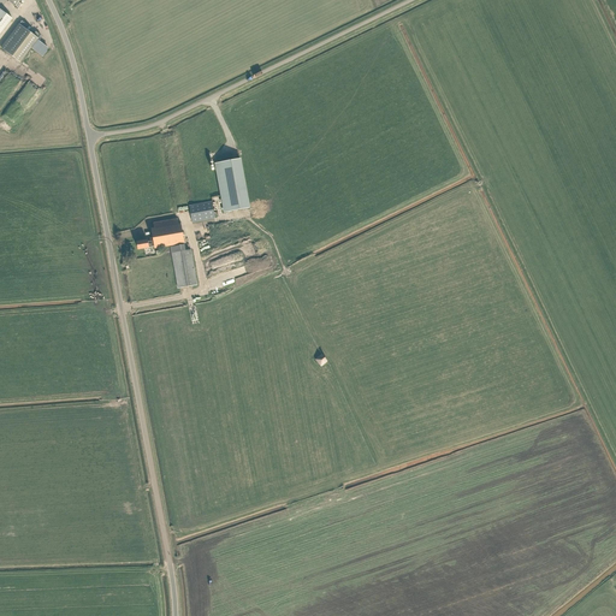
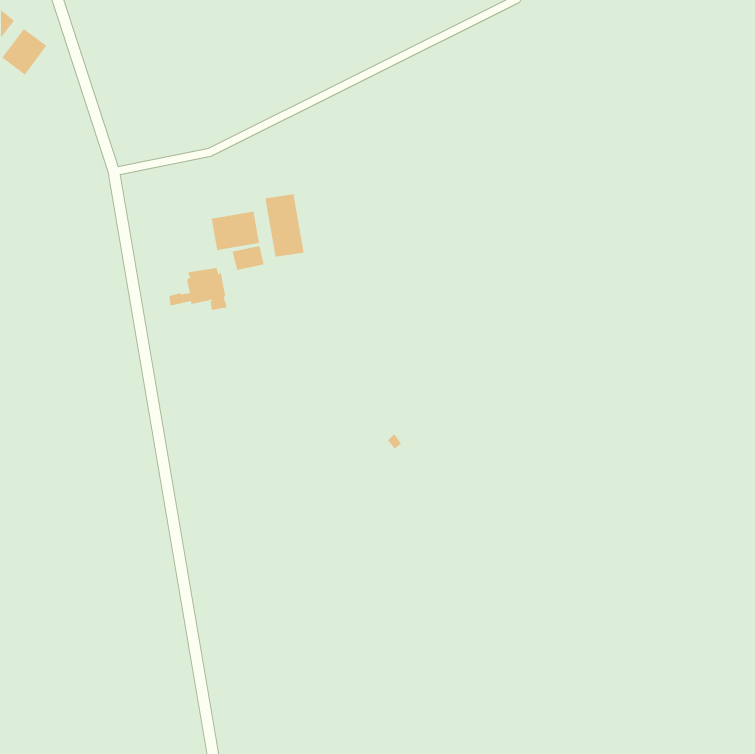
building: none -> [211,211,259,251]
building: [172,249,196,288] -> none

